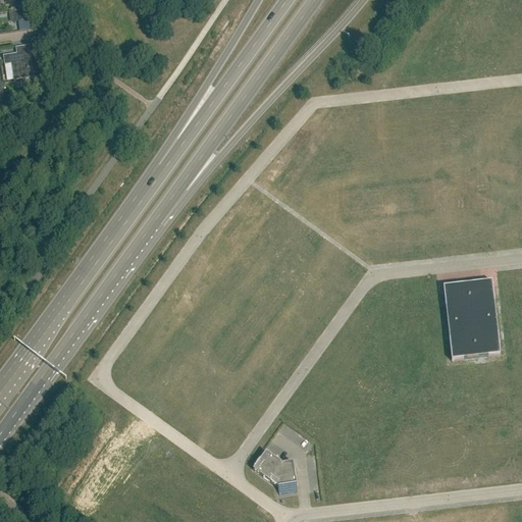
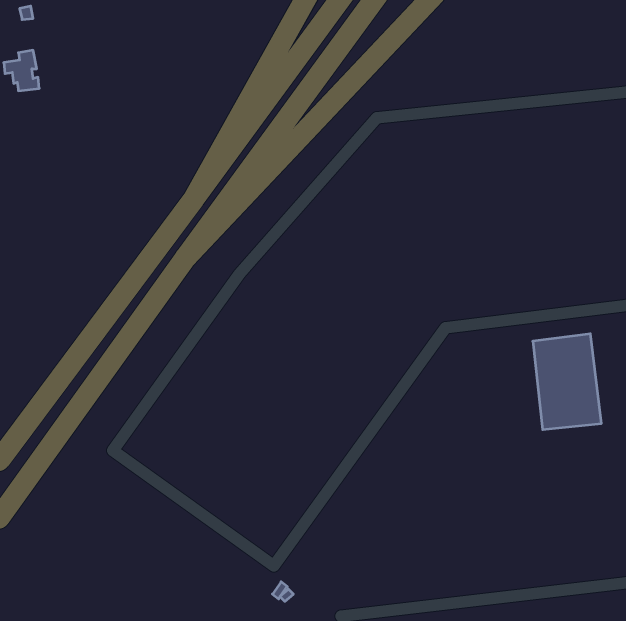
building: [252,449,297,488] -> none

